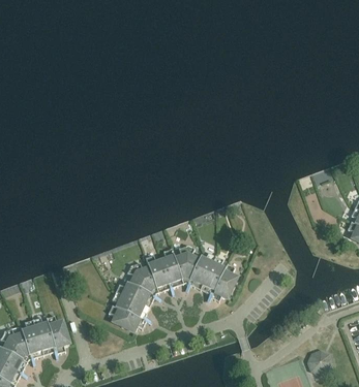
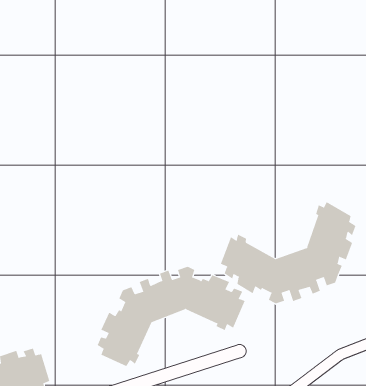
building: none -> [220,201,356,304]

